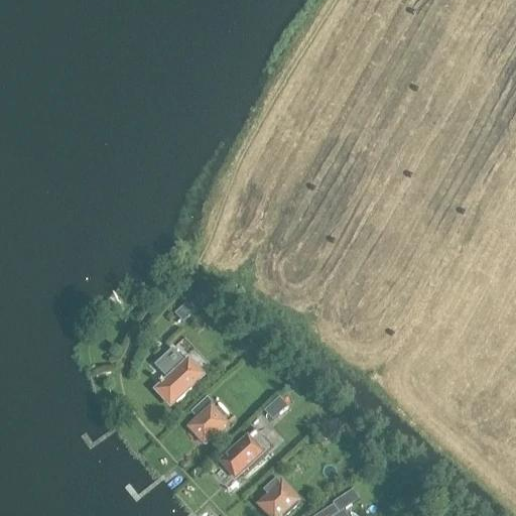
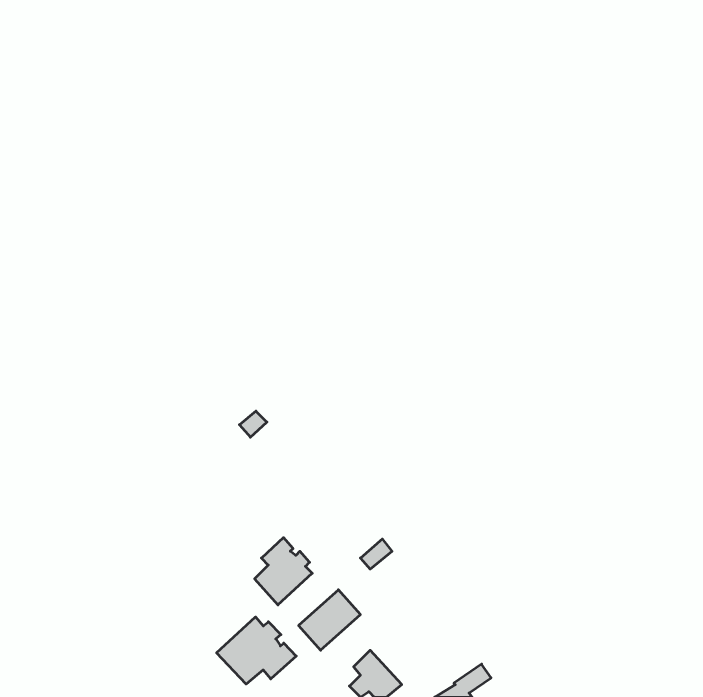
building: [153,346,206,405] -> none
building: none -> [217,617,296,684]

